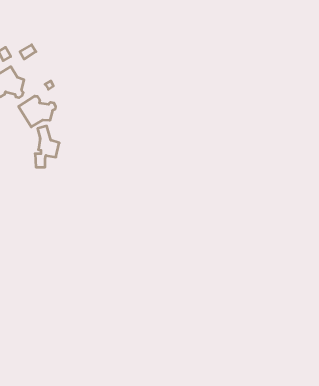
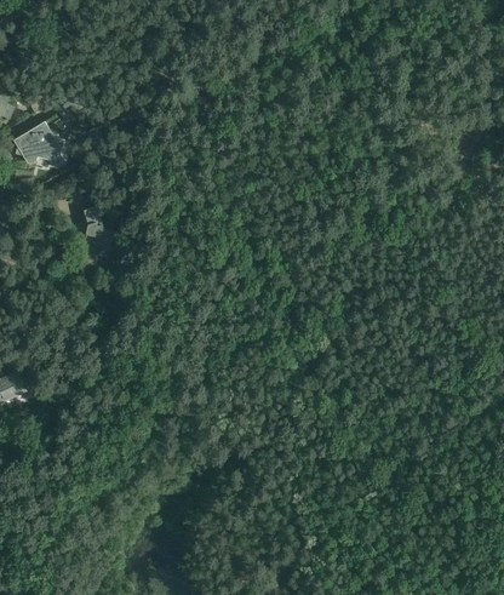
building: [19,96,56,127] -> none

